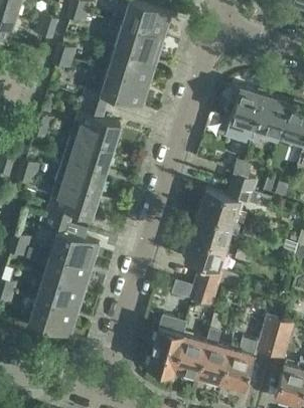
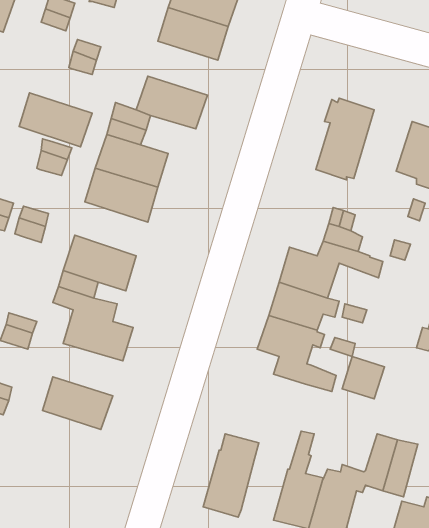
building: [109,46,157,83] -> none
building: [251,93,291,145] -> none
building: [58,157,109,194] -> [19,93,92,147]
building: [43,254,92,290] -> none
building: [188,275,217,304] -> [342,357,384,399]
building: [28,300,77,338] -> none
building: [173,334,205,376] -> none

